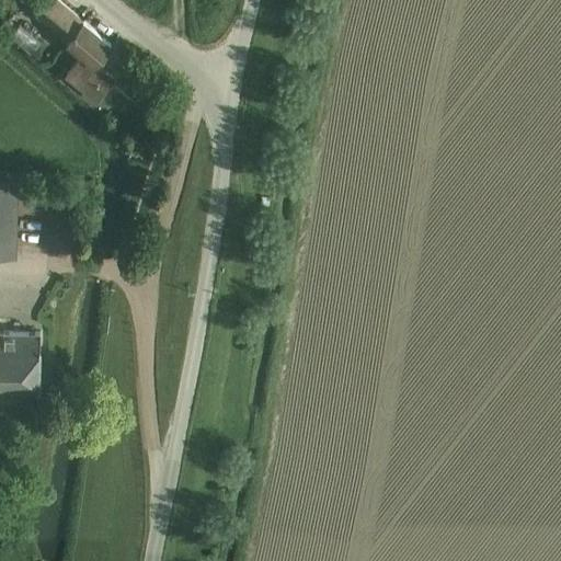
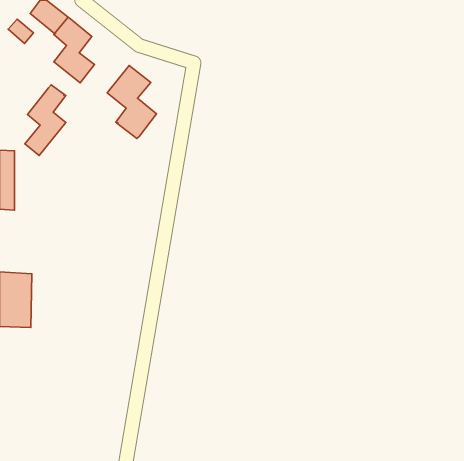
building: none -> [107,65,157,139]
building: none -> [25,85,66,155]

